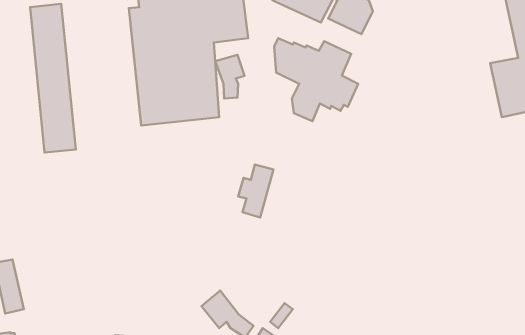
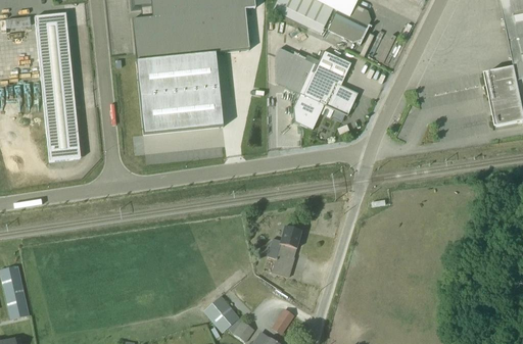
building: [215,55,244,99] -> none
building: [238,164,274,217] -> [267,225,301,277]

